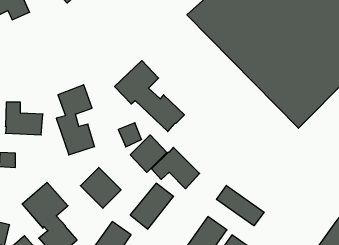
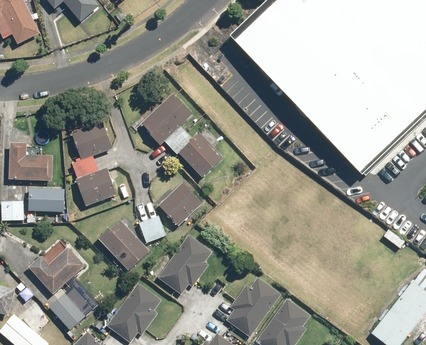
building: [118,123,142,147] -> [139,214,167,243]
building: none -> [31,187,65,212]
building: [151,147,200,189] -> none
building: [217,185,264,226] -> none

